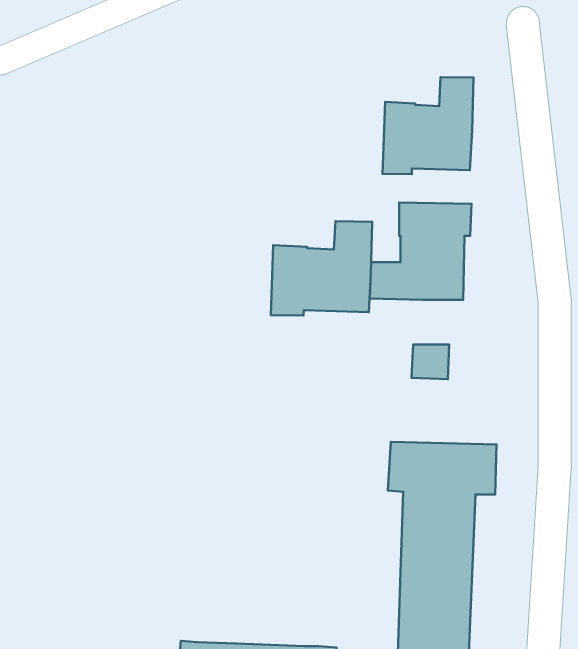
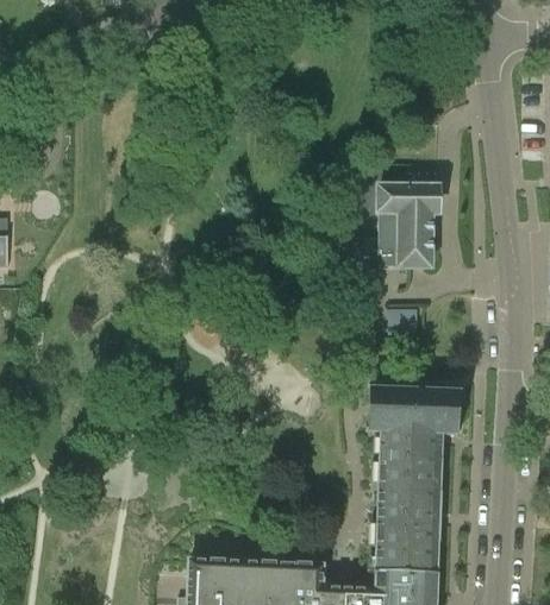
building: [383,77,473,174] -> none
building: [271,221,372,316] -> none

